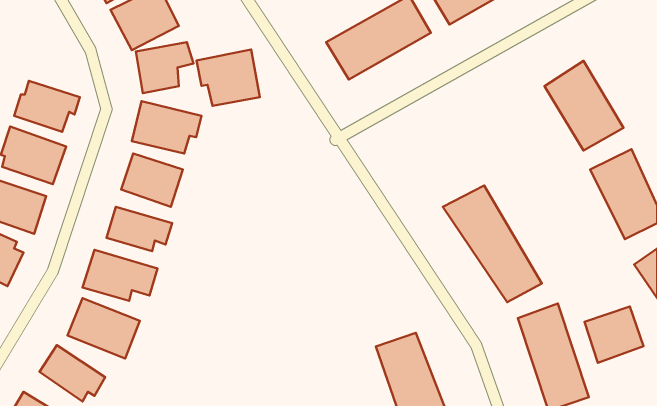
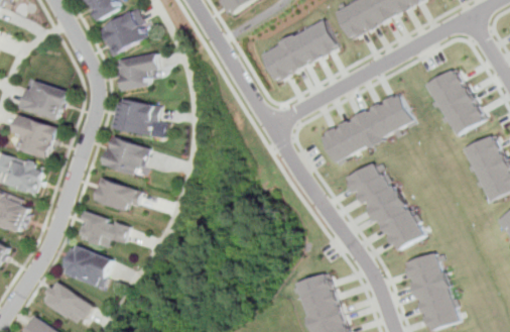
building: [197,50,260,106] -> none
building: none -> [323,94,415,164]
building: [584,307,643,363] -> none

